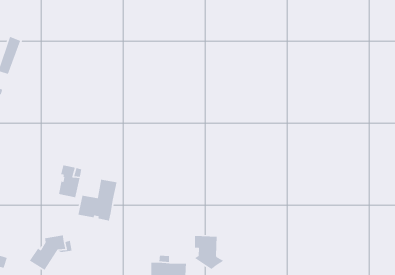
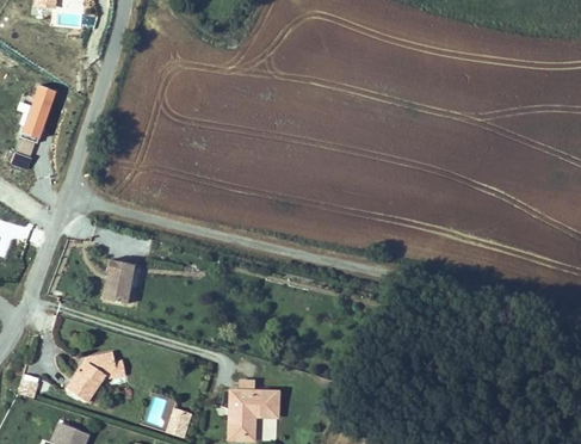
building: [77,179,117,222] -> none
building: [194,235,225,270] -> none

